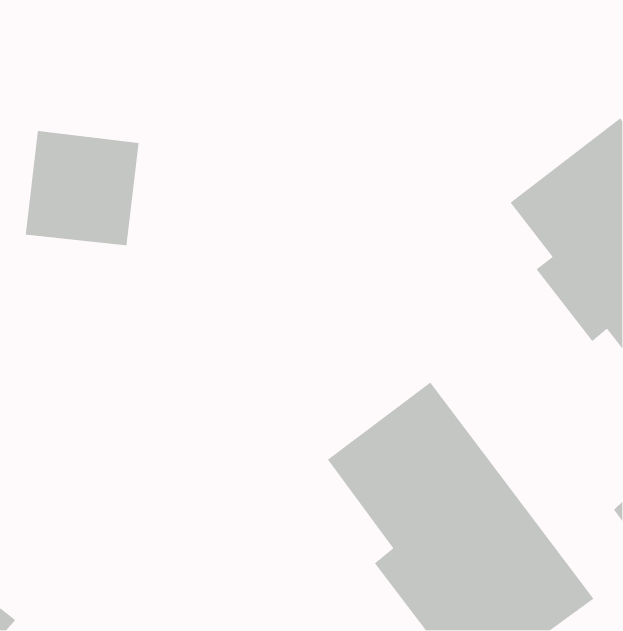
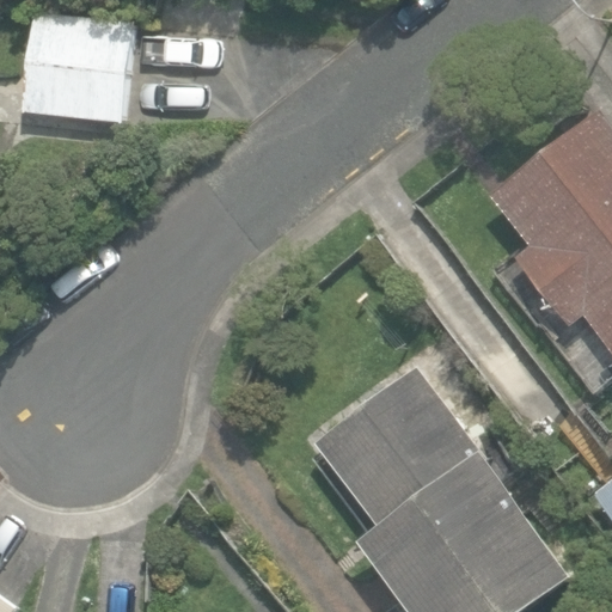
building: [25,130,139,246] -> [19,12,130,124]

